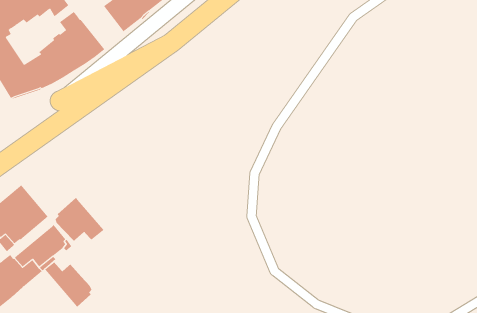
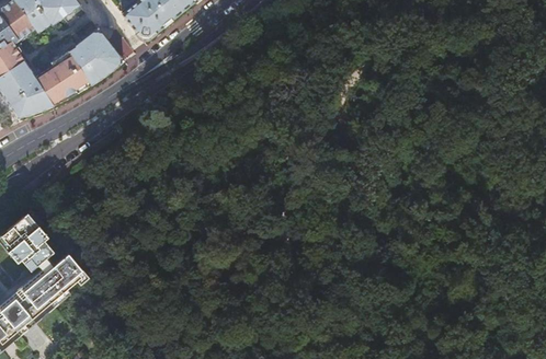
building: [55,197,104,243] -> none
building: [45,262,92,308] -> none

